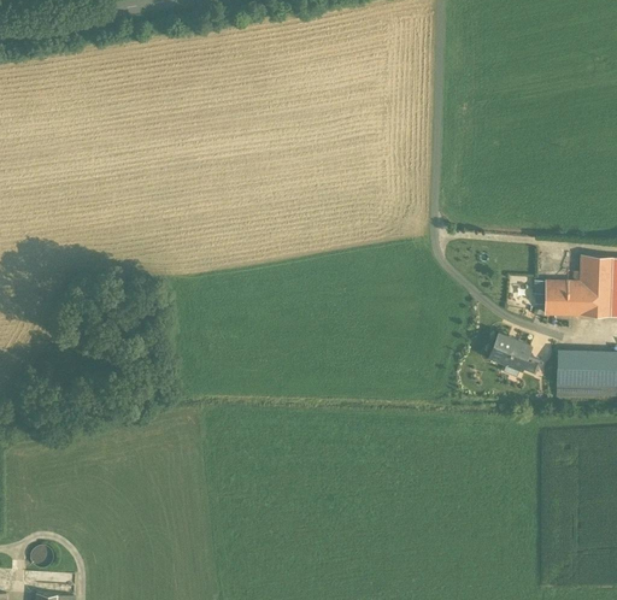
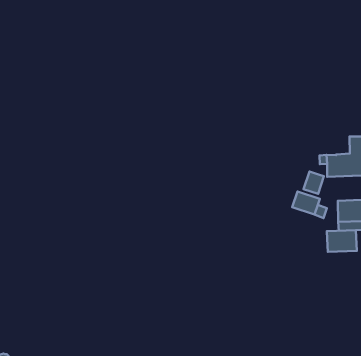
building: none -> [303,171,324,194]
building: none -> [327,230,357,252]

